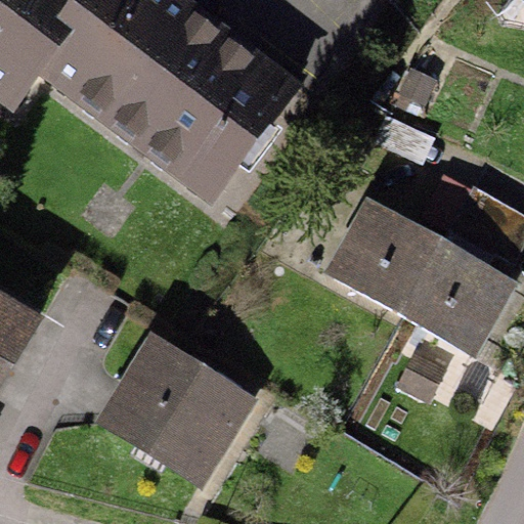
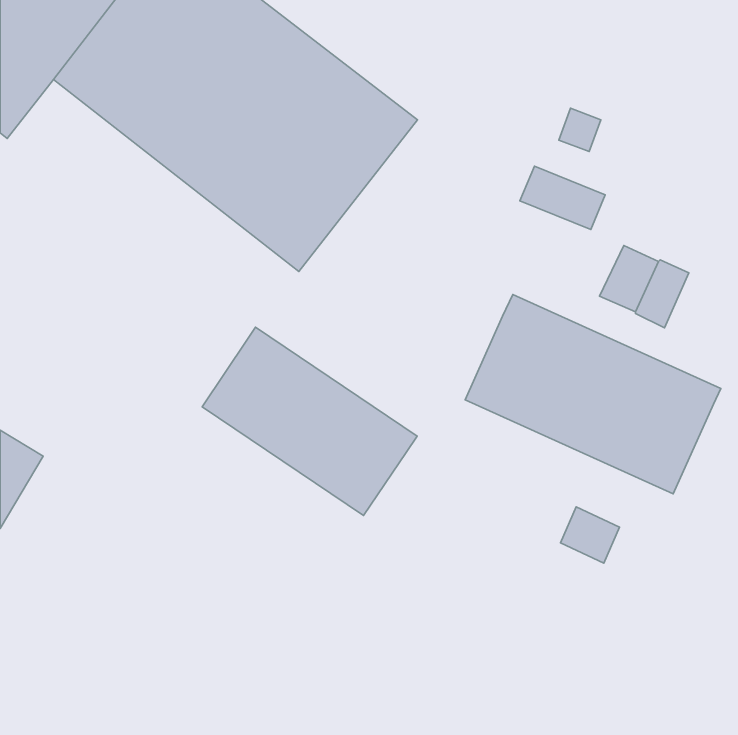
building: none -> [202,327,417,516]
building: [102,347,248,486] -> none

